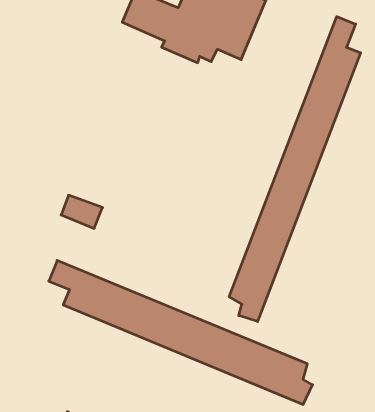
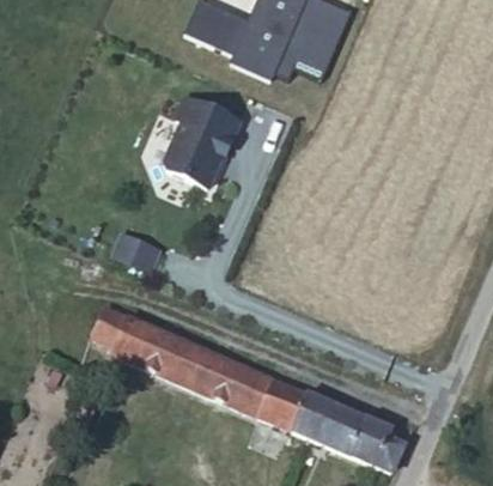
building: [229,17,361,322] -> none
building: none -> [164,93,242,188]

